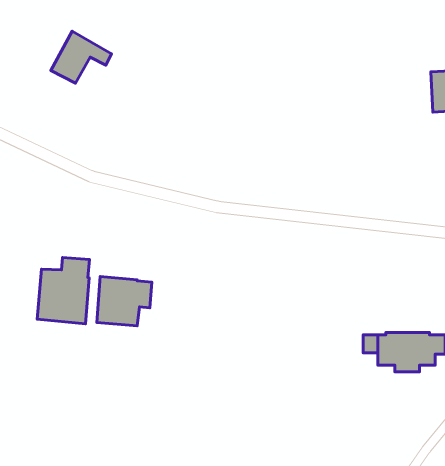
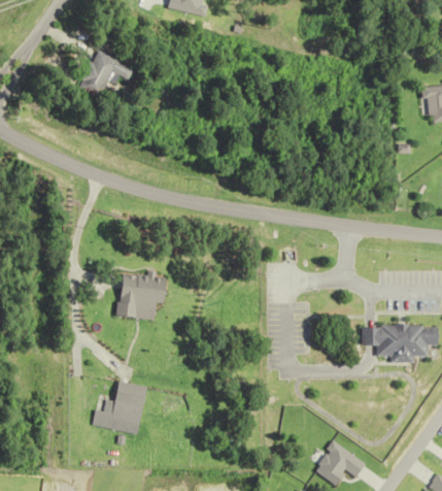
building: [37,257,90,324] -> none
building: none -> [96,381,150,434]

